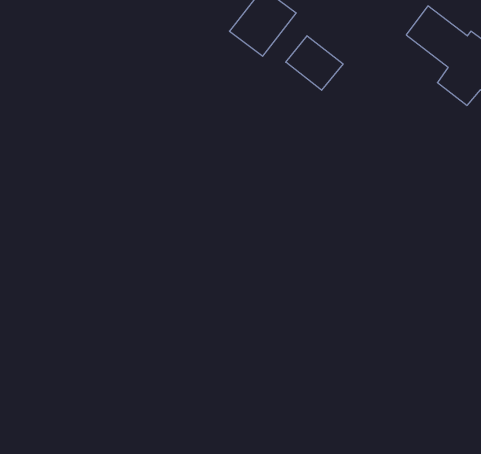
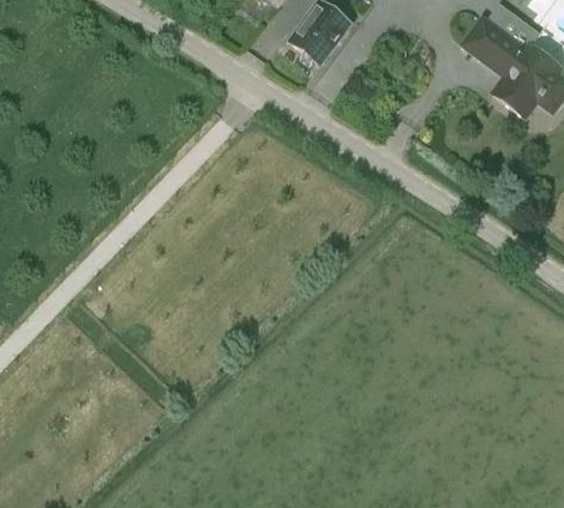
building: [286,36,343,90] -> none

